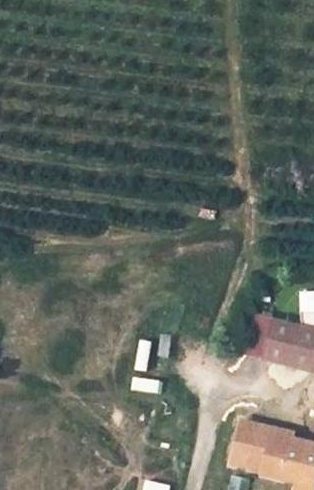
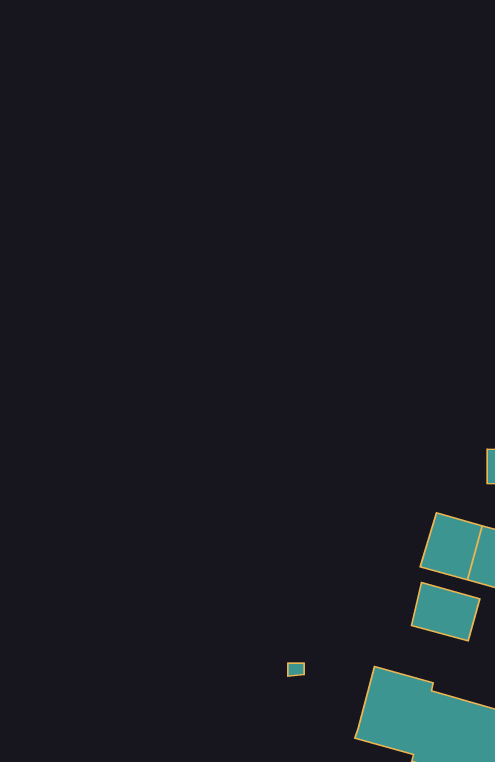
building: none -> [412,583,480,641]

